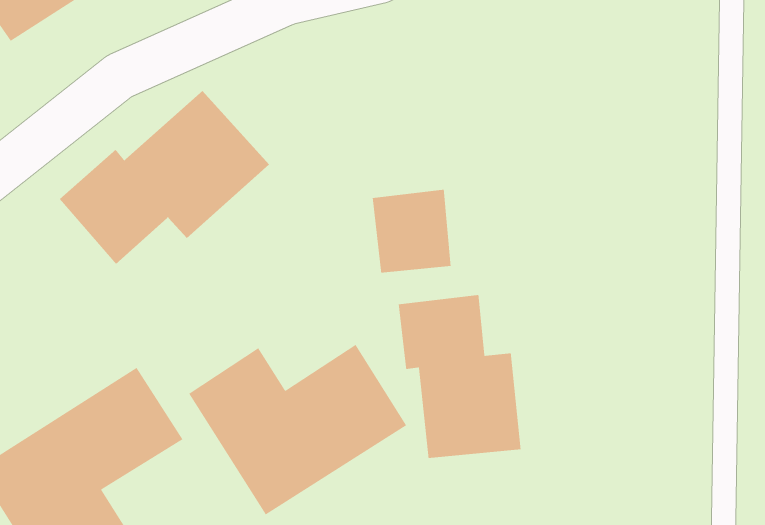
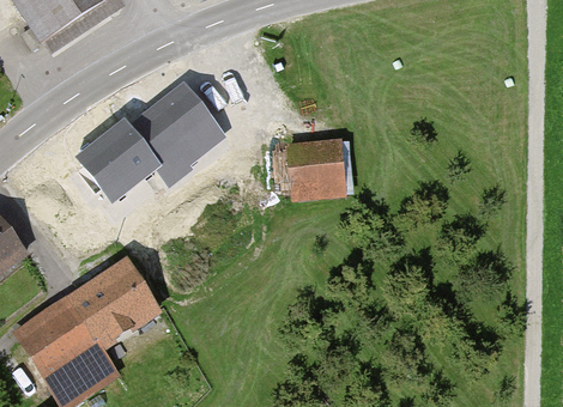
building: [398,294,521,459] -> none
building: [188,344,407,516] -> none

